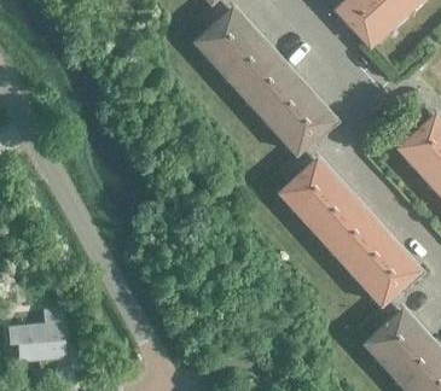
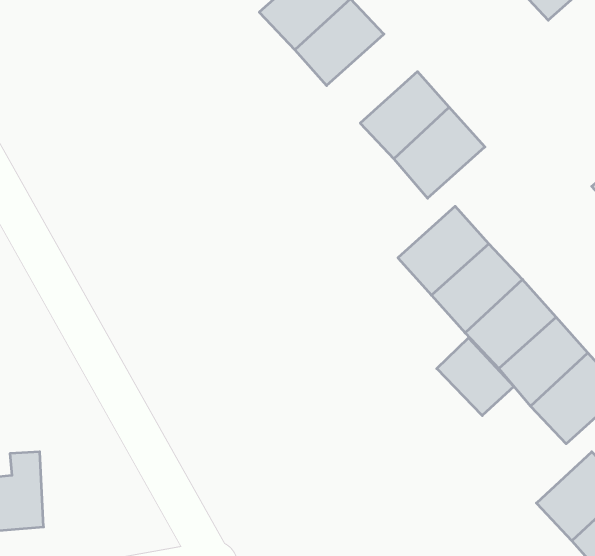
building: [236,53,291,107] -> none
building: none -> [437,338,514,416]

